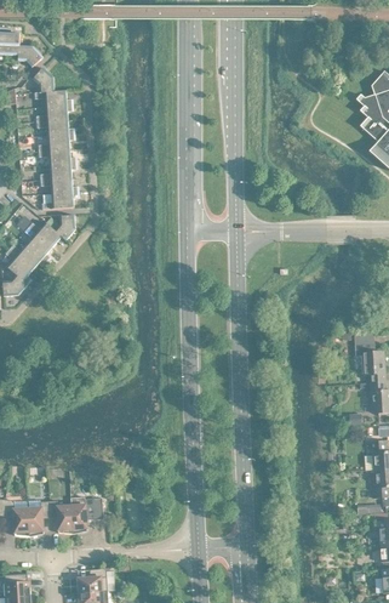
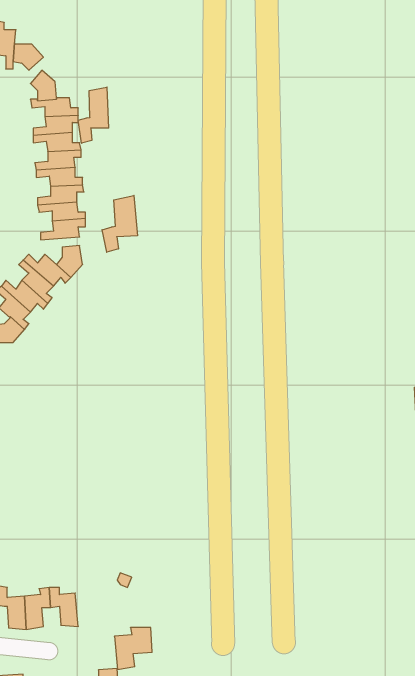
building: none -> [78,87,109,143]
building: none -> [102,195,137,252]
building: [69,497,101,533] -> [114,628,152,670]

